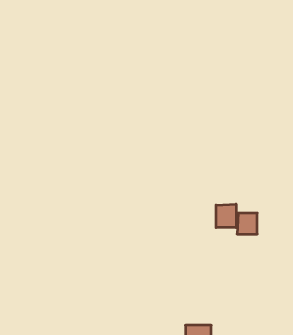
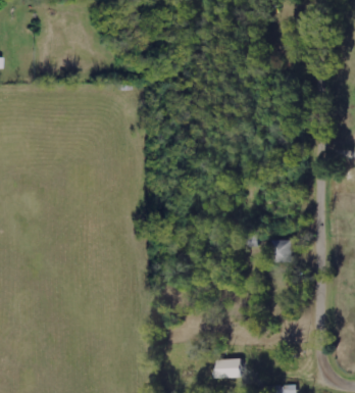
building: [216,204,236,228] -> none

